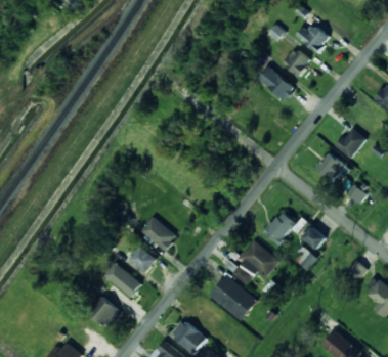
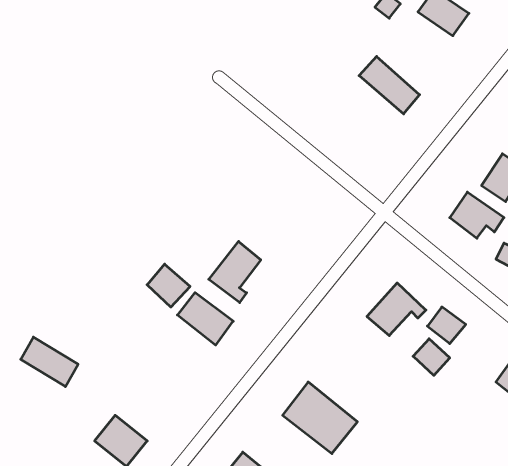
building: [282,48,310,77] -> none
building: none -> [209,241,261,303]
building: [223,241,278,285] -> none
building: [128,246,156,273] -> [147,264,190,307]
building: [104,264,141,296] -> [21,337,78,387]

